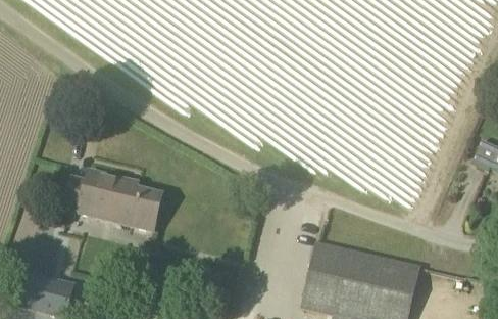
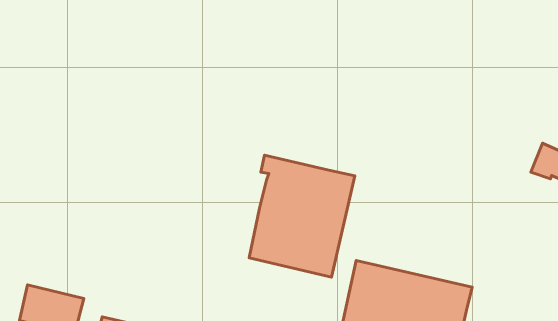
building: none -> [249,155,355,277]
building: [64,171,162,232] -> none

